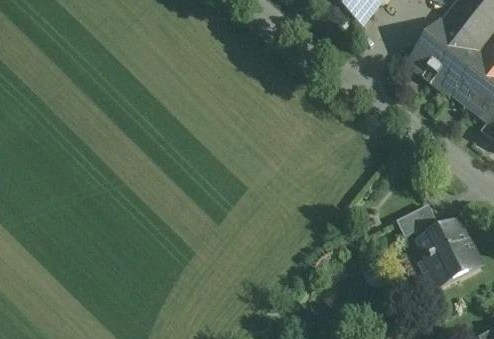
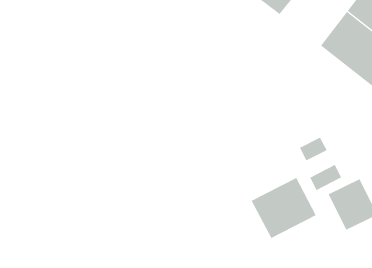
building: none -> [299,137,327,161]
building: none -> [251,177,317,239]

